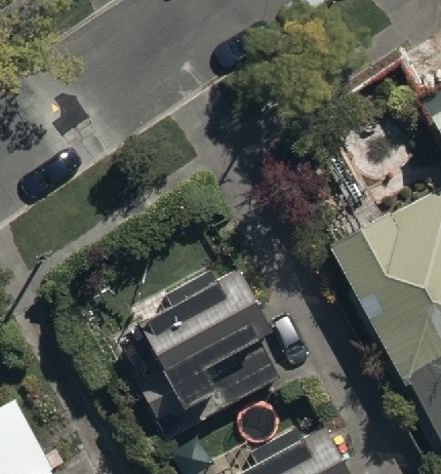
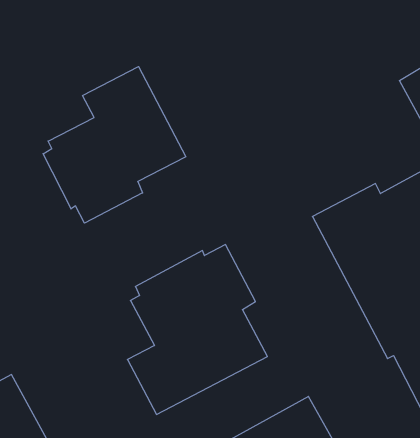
building: none -> [43,67,186,223]

